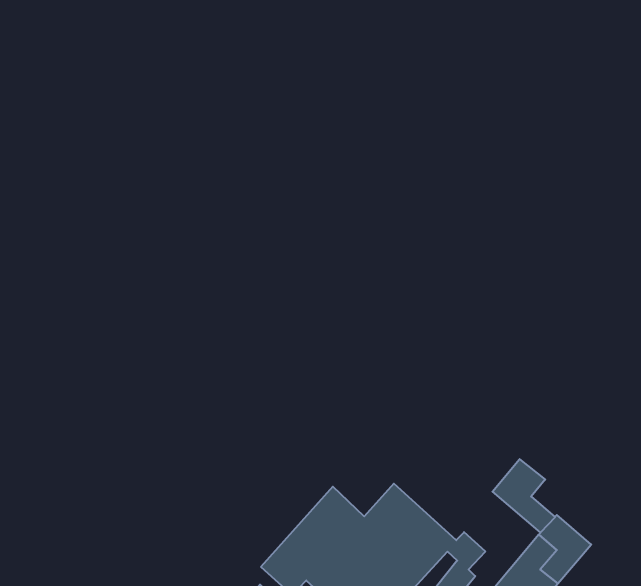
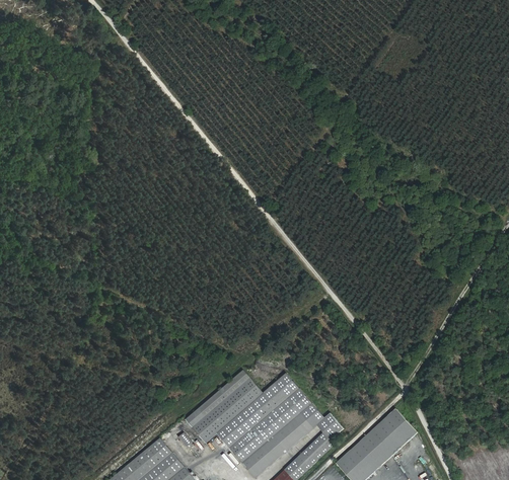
building: [492,459,555,532] -> none

